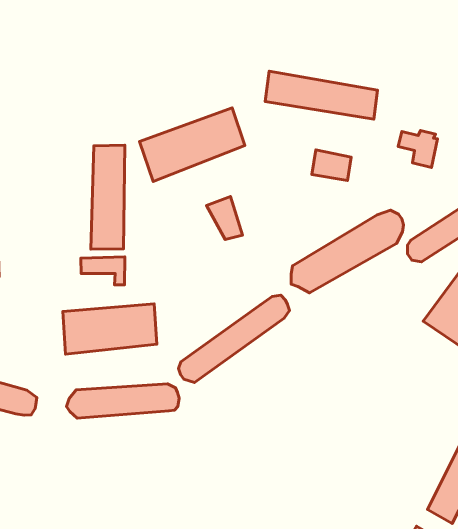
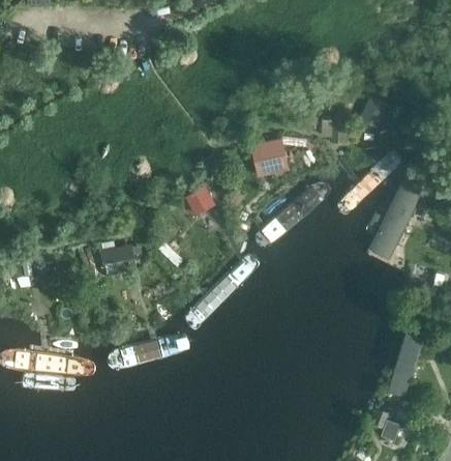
building: [265,71,377,119] -> none
building: [140,108,245,181] -> none
building: [91,145,125,249] -> none
building: [63,304,157,354] -> none

